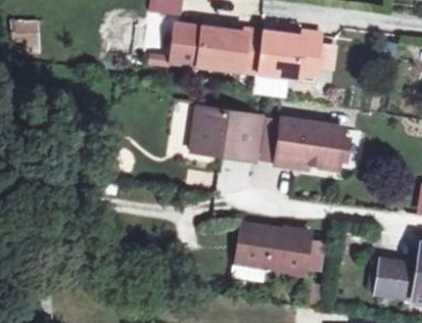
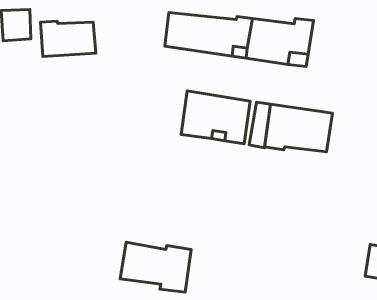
building: none -> [41,21,96,57]
building: [240,223,312,273] -> [120,242,191,292]

